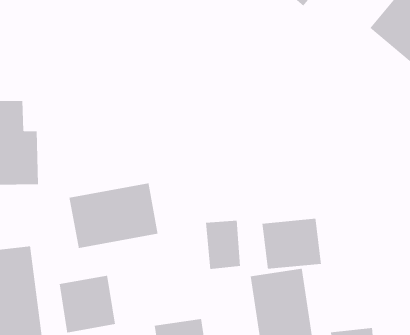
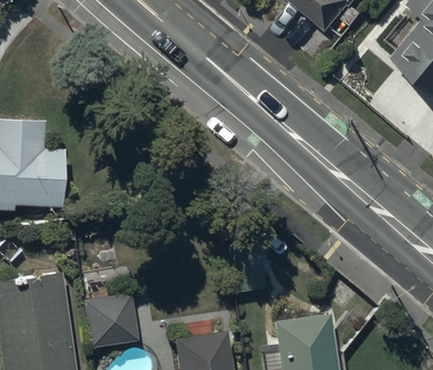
building: [69,182,158,249] -> none
building: [262,218,321,270] -> none

